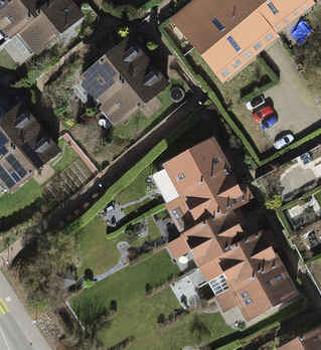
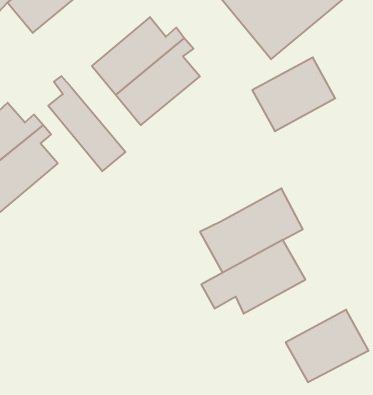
building: none -> [48,76,125,171]
building: [164,140,227,196] -> [252,57,335,131]
building: [198,232,277,297] -> none

